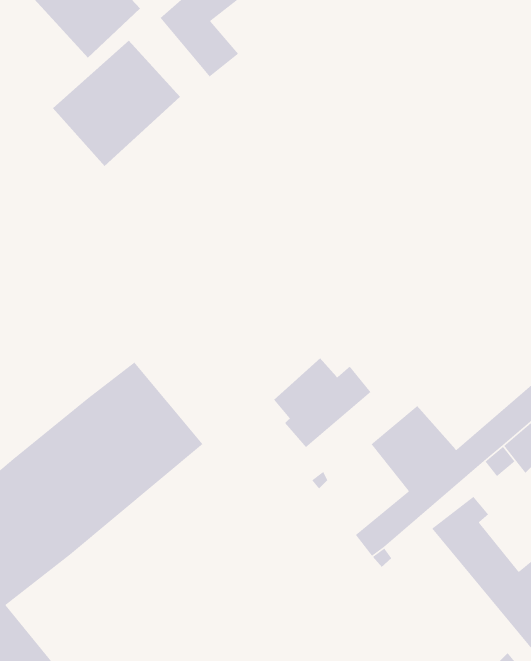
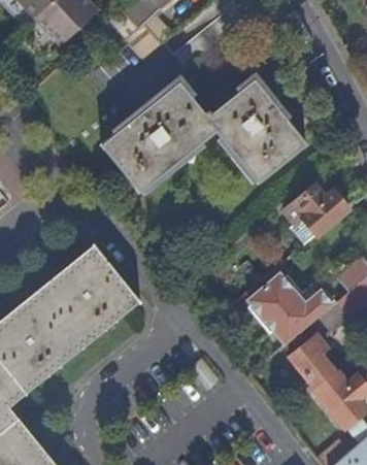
building: [52,40,181,167] -> none
building: none -> [105,81,303,191]
building: [273,358,372,448] -> [282,185,347,244]

